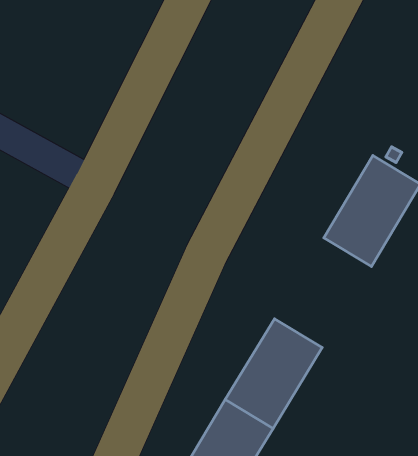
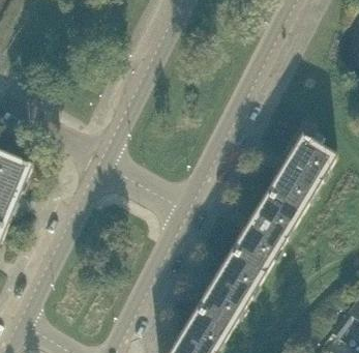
building: none -> [230,195,299,273]

